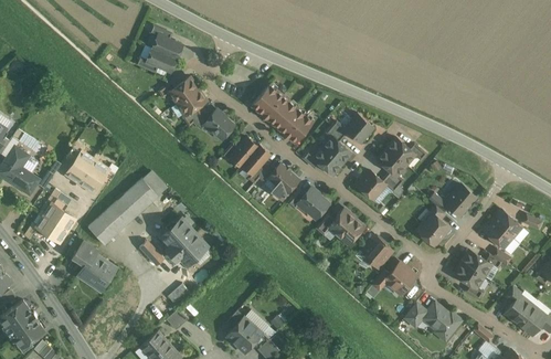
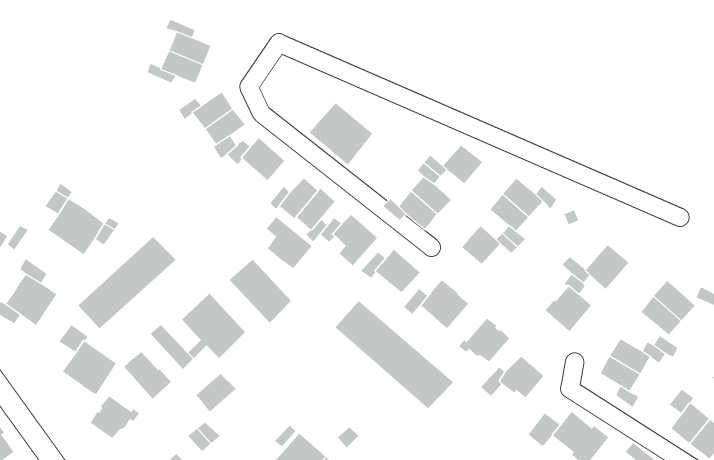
building: [277,107,312,144] -> none
building: none -> [266,216,312,269]
building: none -> [229,259,292,324]
building: none -> [335,300,454,409]
building: none -> [124,350,172,400]
building: none -> [90,396,140,439]

